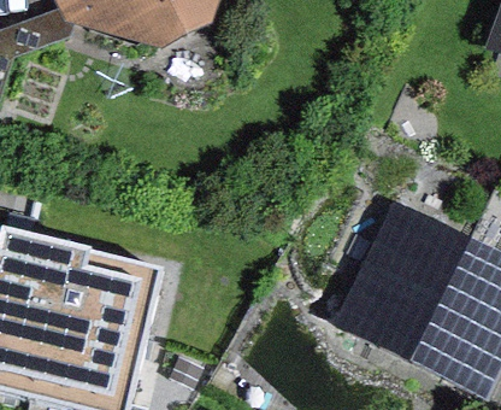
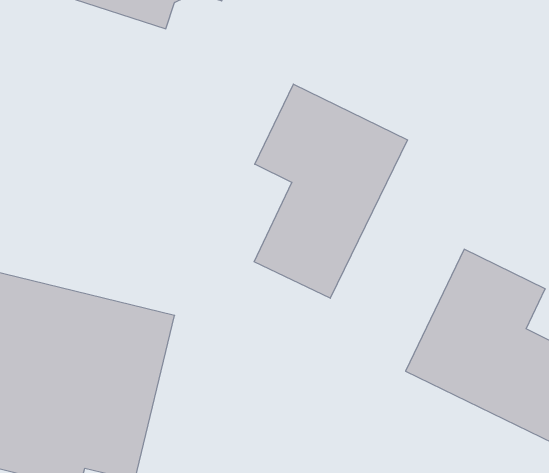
building: none -> [254,84,407,298]

